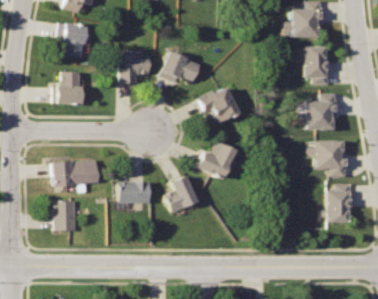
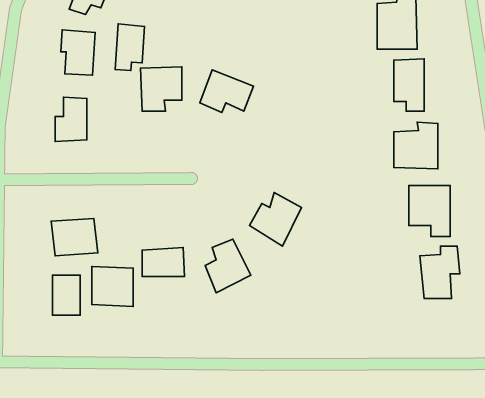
building: none -> [115,24,145,71]
building: [200,88,238,124] -> none
building: none -> [92,267,133,306]

